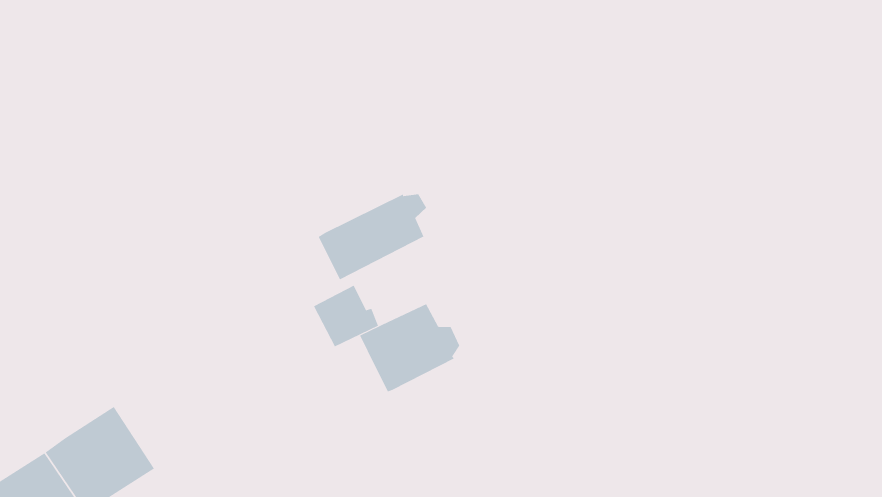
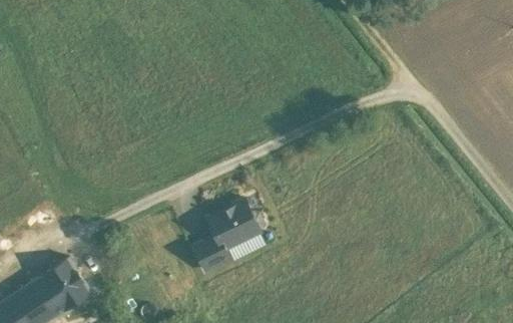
building: [318,193,427,280] -> none
building: [313,285,379,347] -> [191,237,228,272]

